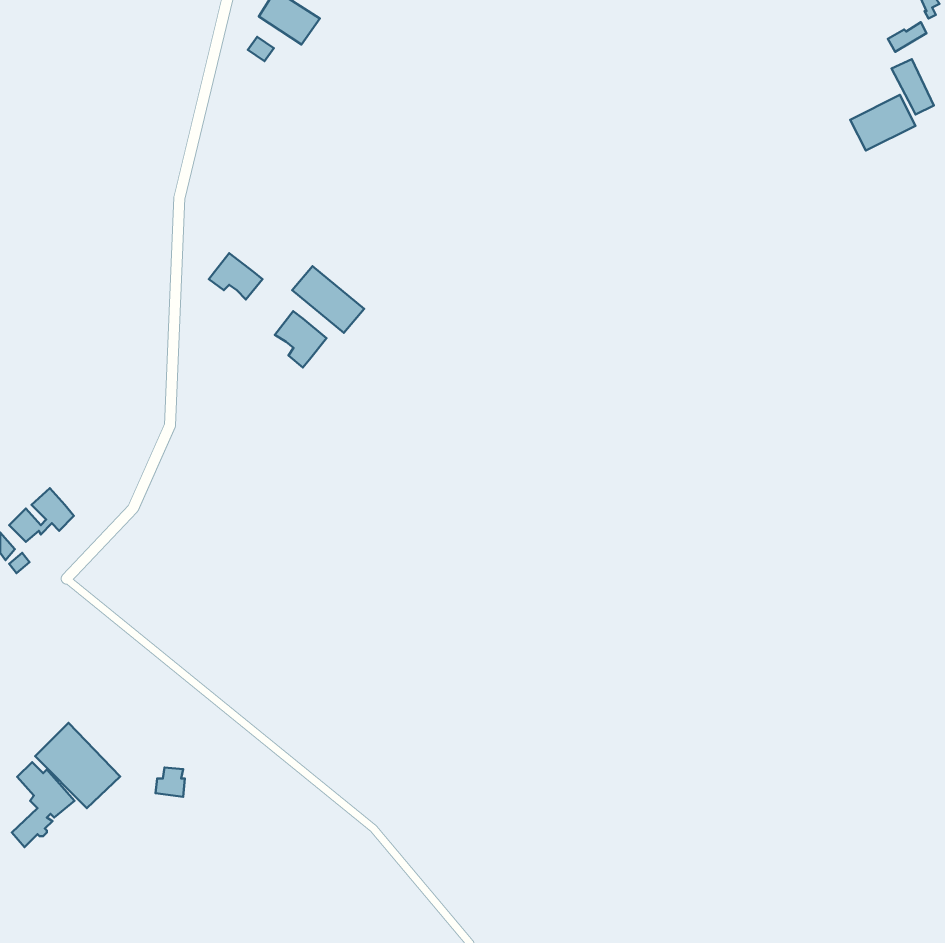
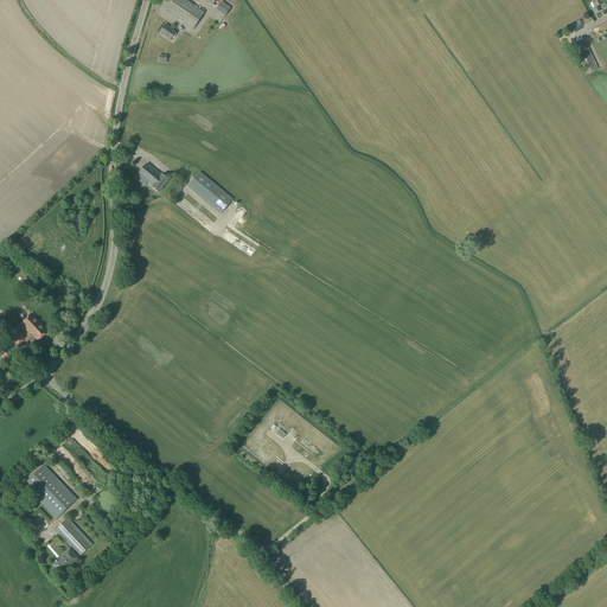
building: [850,95,916,150] -> none
building: [275,311,327,368] -> none
building: [12,762,75,847] -> [52,519,92,574]

